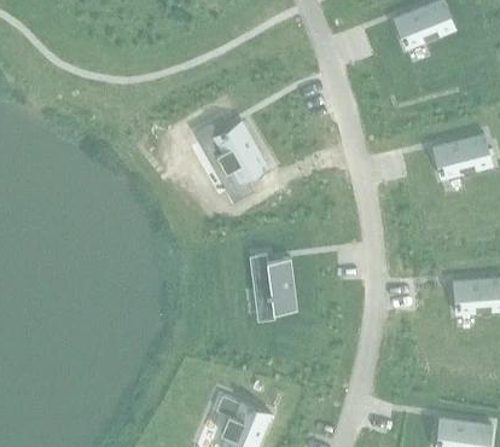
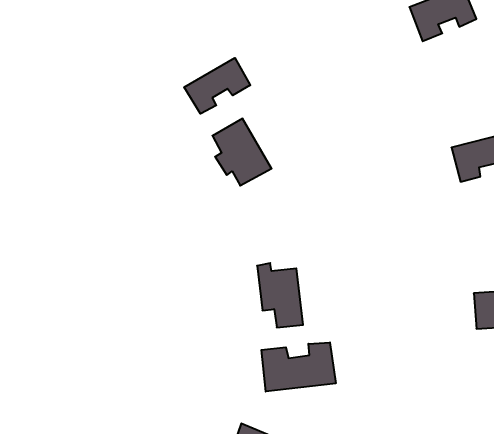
building: none -> [184,58,250,114]
building: none -> [261,342,336,392]

